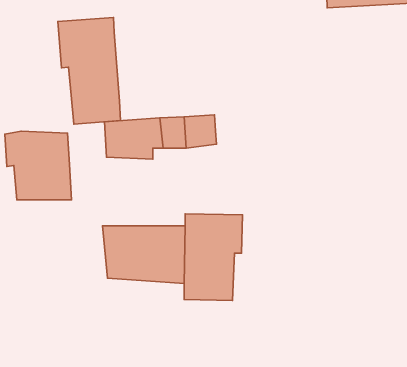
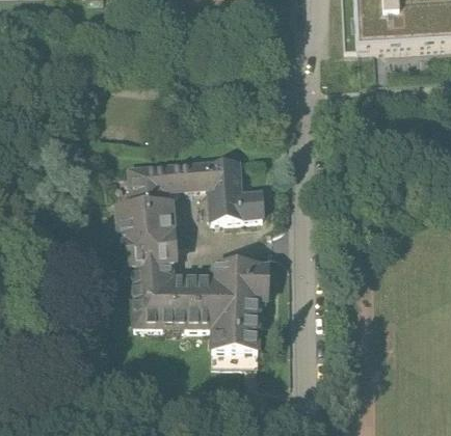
building: [58,18,120,124] -> none
building: [5,131,71,200] -> [111,202,180,273]
building: none -> [210,188,264,219]

